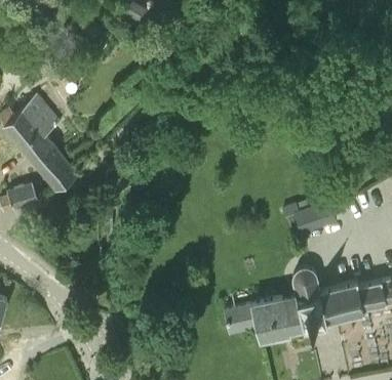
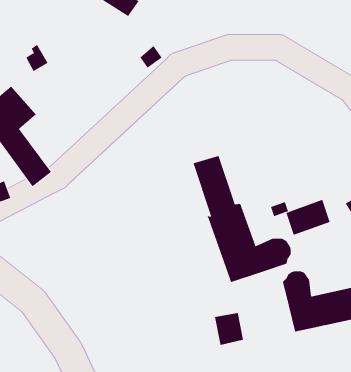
building: none -> [193,155,291,283]
building: [251,298,303,340] -> none

